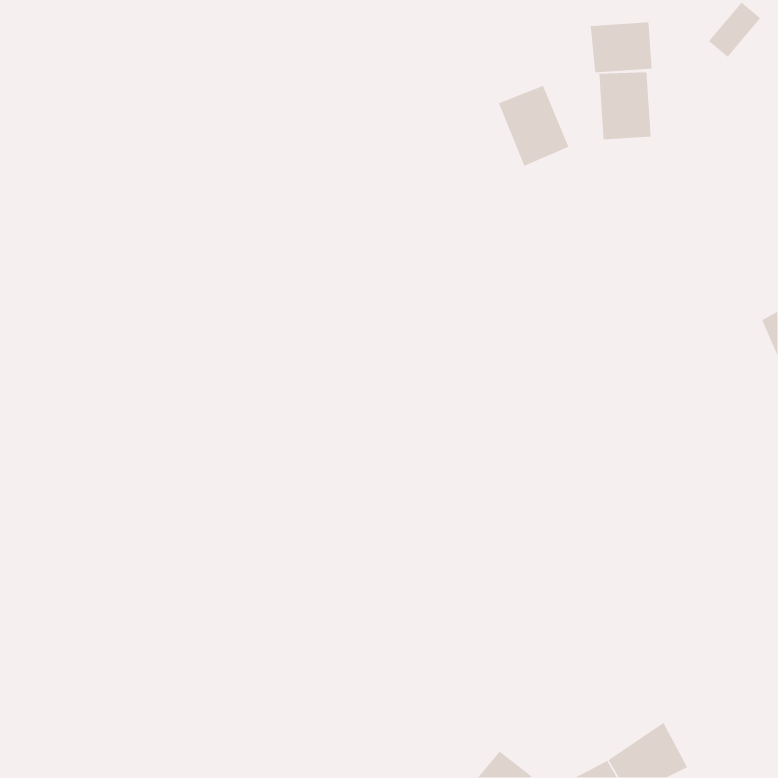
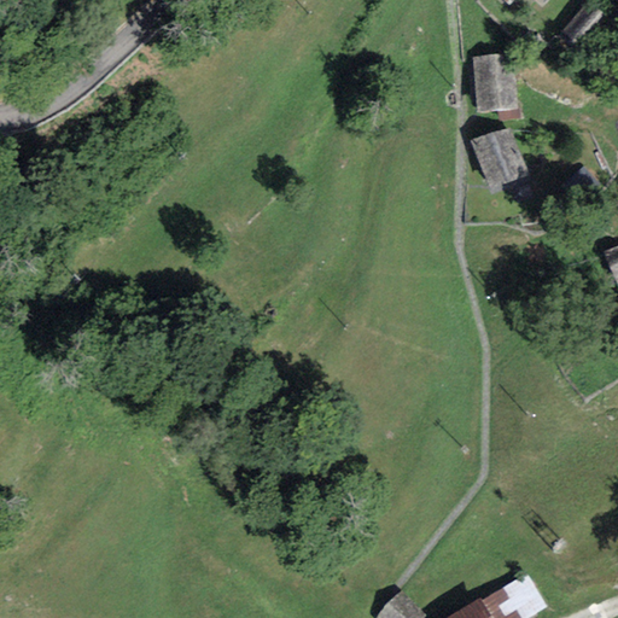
building: [590,22,653,73] -> none
building: [498,85,569,167] -> [471,126,527,191]

